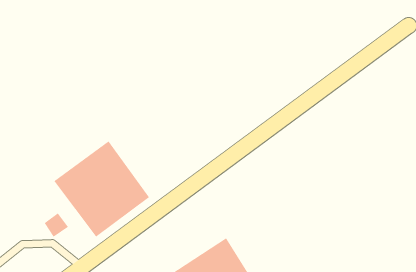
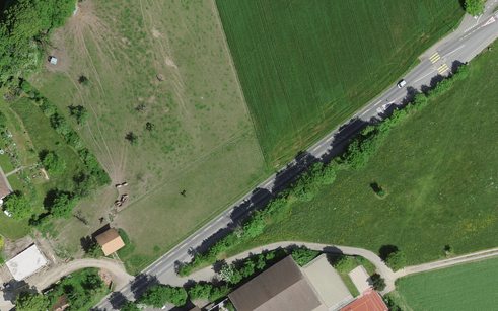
building: [53,140,150,237] -> none

